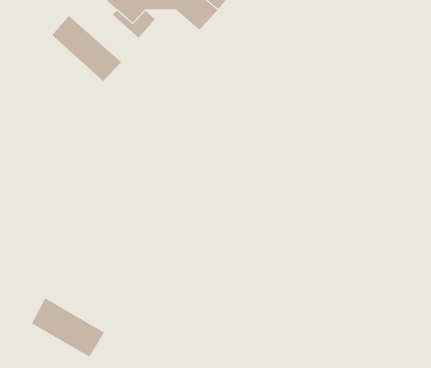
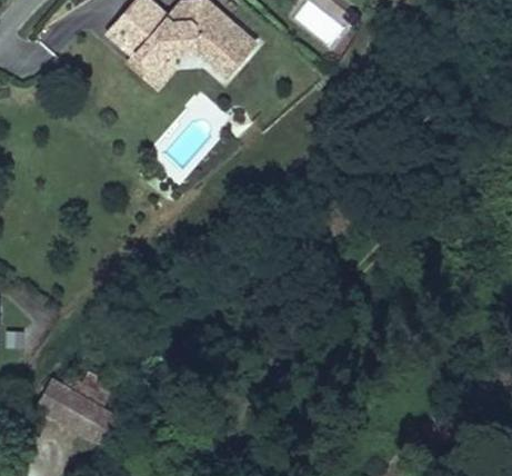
building: [51,15,122,82] -> none

